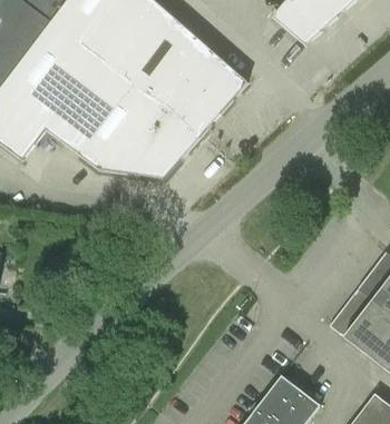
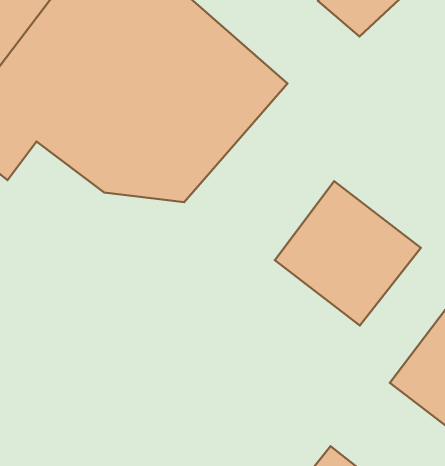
building: none -> [275,181,421,326]

